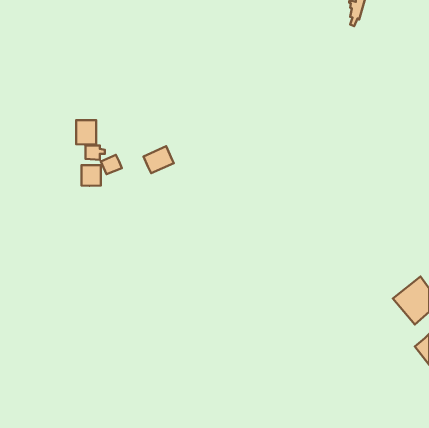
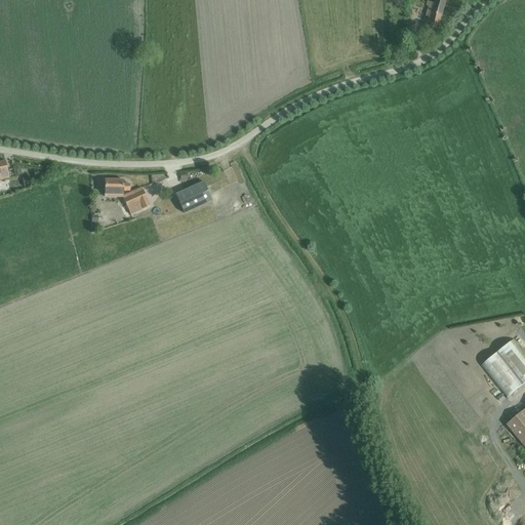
building: [76,120,96,144] -> none
building: [82,165,101,186] -> none

